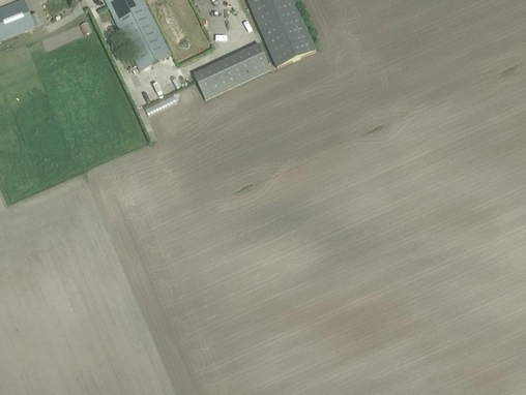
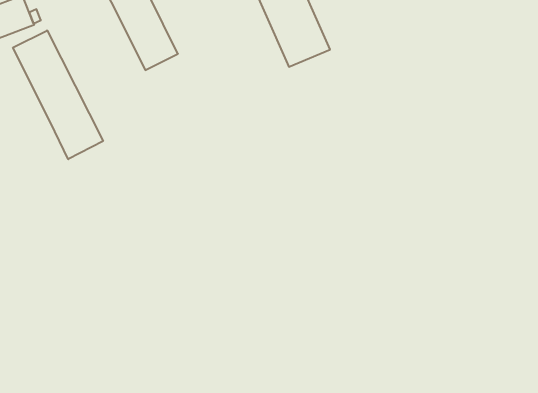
building: none -> [13,30,103,159]
building: [193,42,269,98] -> none

